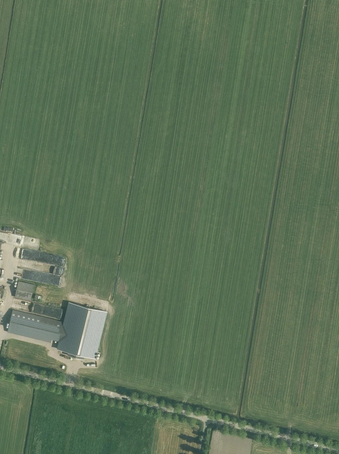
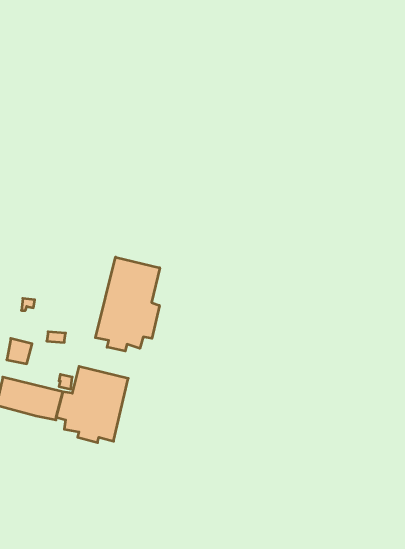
building: none -> [95,257,160,351]

